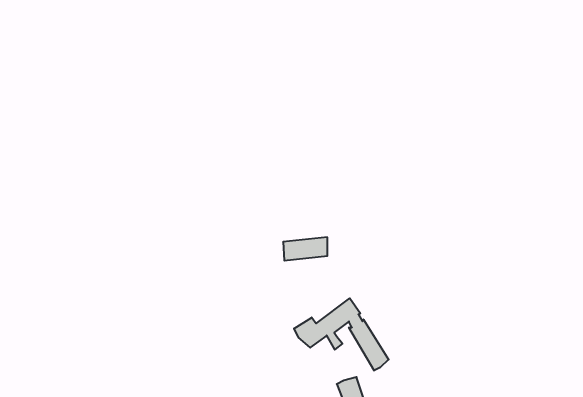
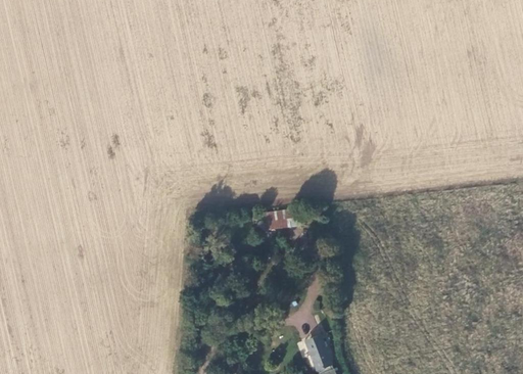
building: [294,298,389,371] -> none

